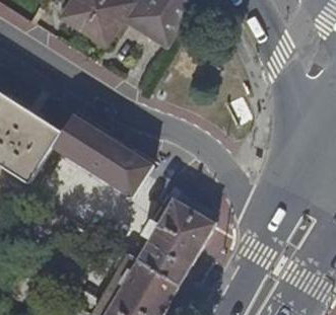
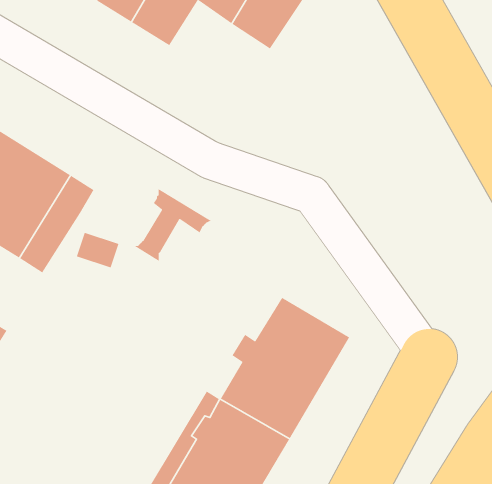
building: [53,112,102,164] -> none
building: [100,149,152,194] -> none

